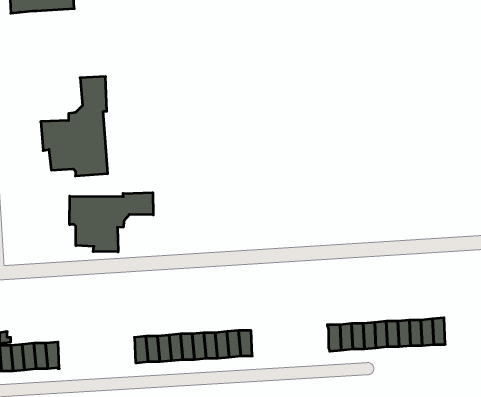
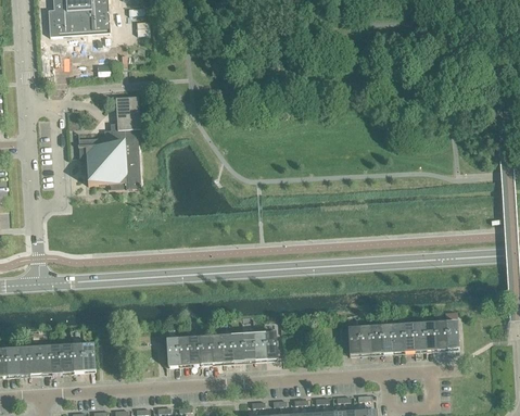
building: [70,193,153,252] -> none

